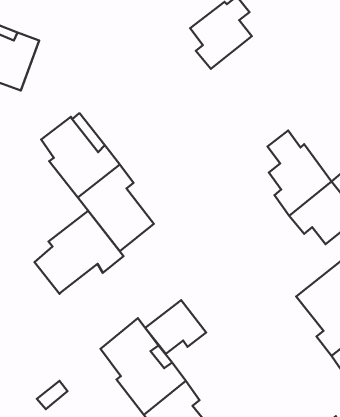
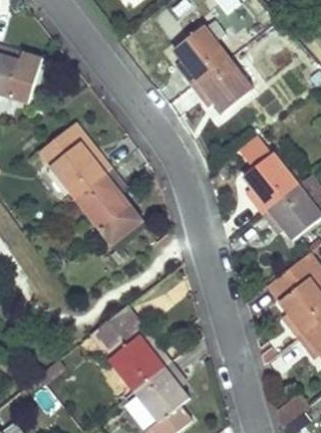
building: none -> [192,55,253,112]
building: [34,211,124,294] -> none
building: [145,300,206,354] -> none

